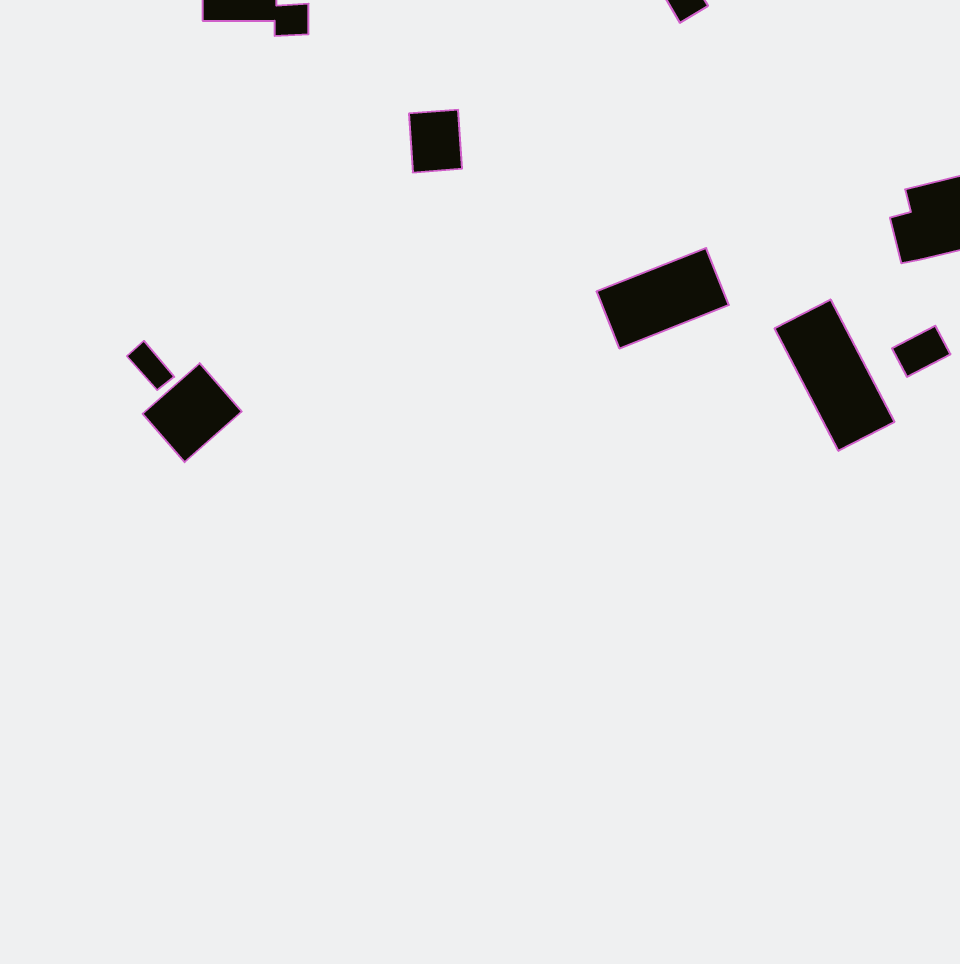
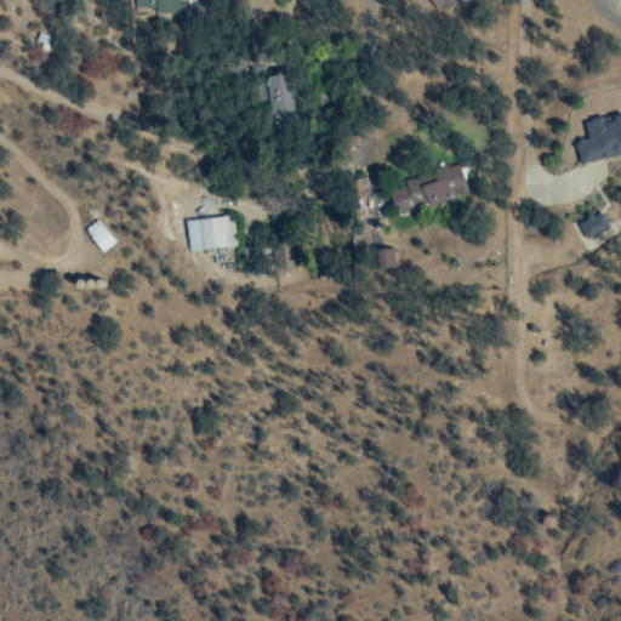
building: [775,299,894,451] -> none
building: none -> [200,213,230,249]
building: [143,363,242,462] -> none

